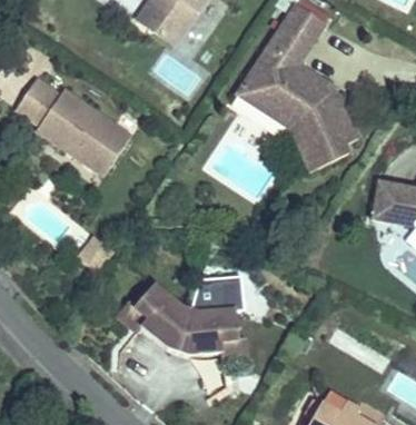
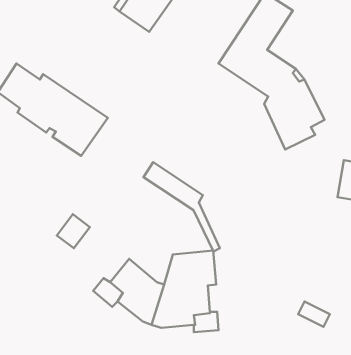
building: [237,77,317,170] -> [143,162,220,251]

